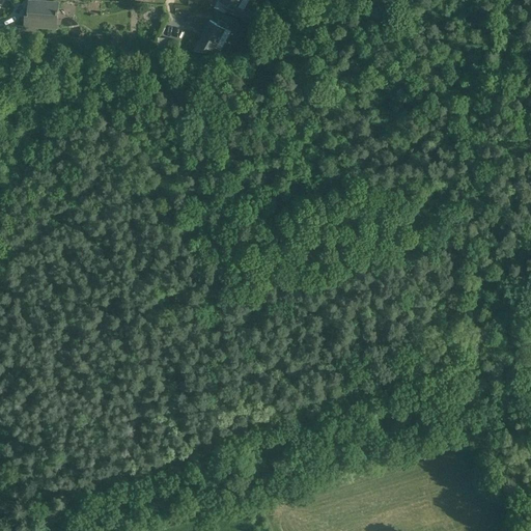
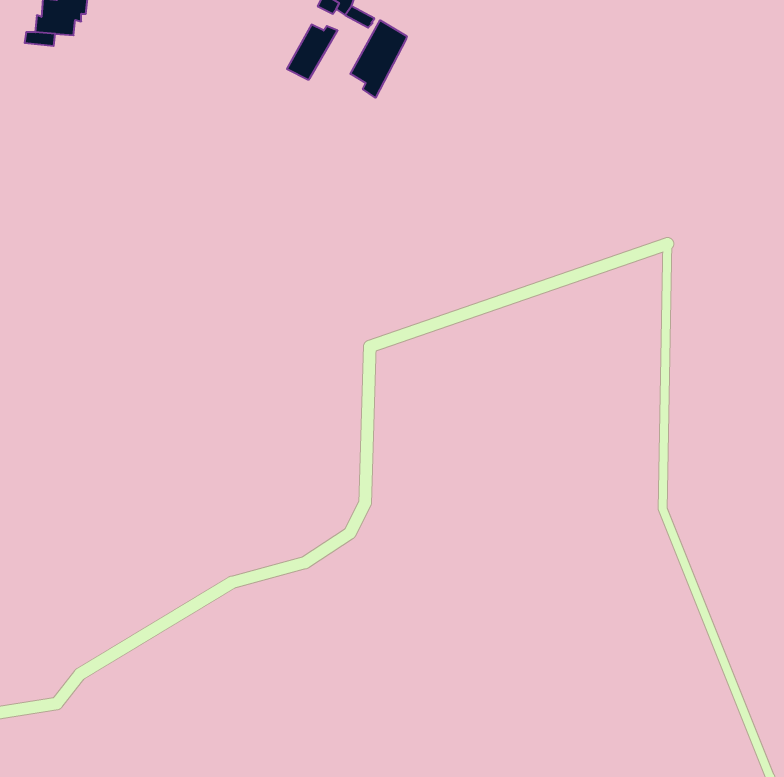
building: none -> [350,20,407,98]

